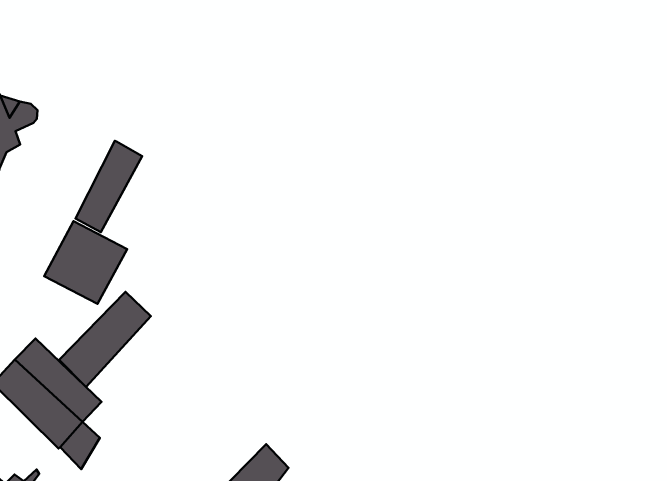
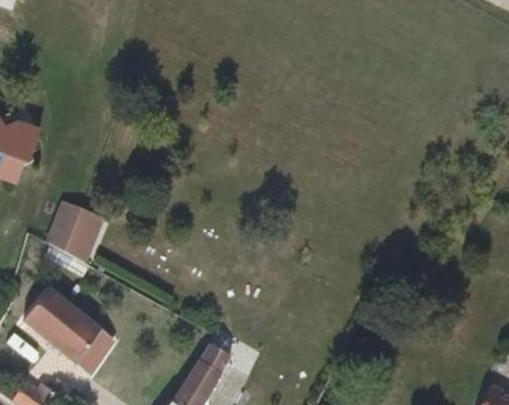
building: [76,141,142,232] -> none
building: [59,292,151,387] -> none

